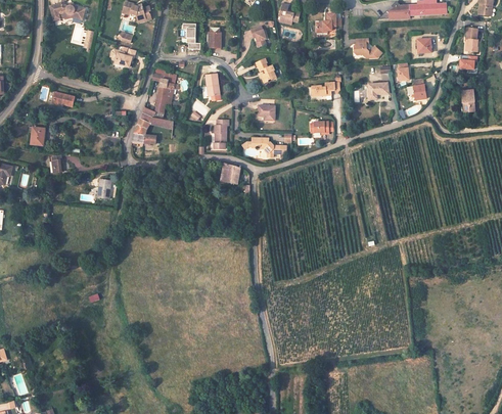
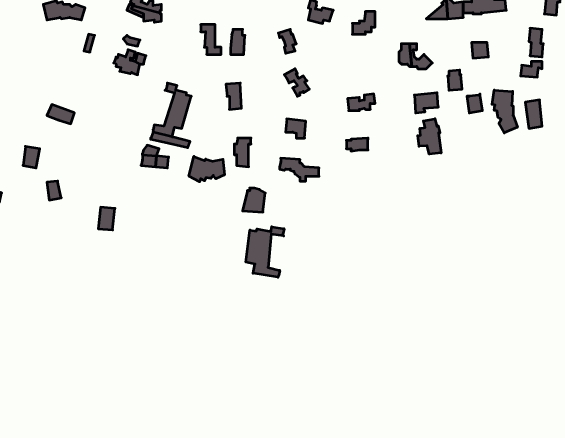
building: none -> [492,90,517,133]
building: none -> [418,119,441,154]
building: none -> [189,156,224,182]
building: none -> [246,227,284,277]

